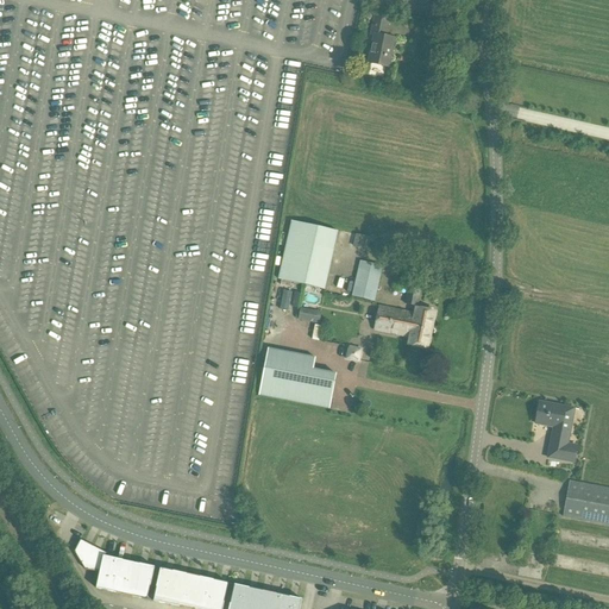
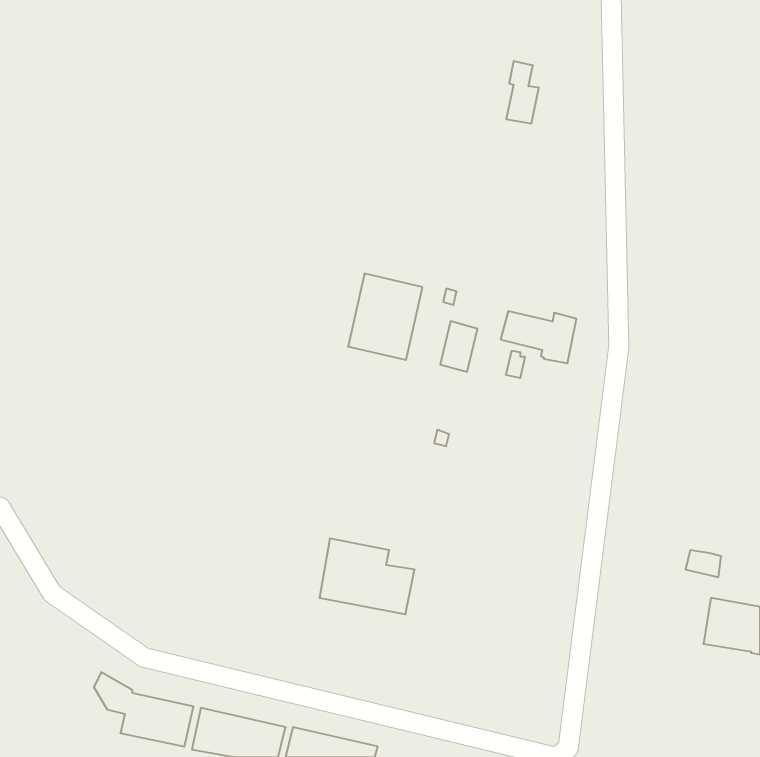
building: [368,14,394,64] -> [506,61,539,123]
building: [372,303,433,345] -> [501,311,576,363]
building: [259,346,335,407] -> [319,538,415,614]
building: [536,401,573,442] -> none

